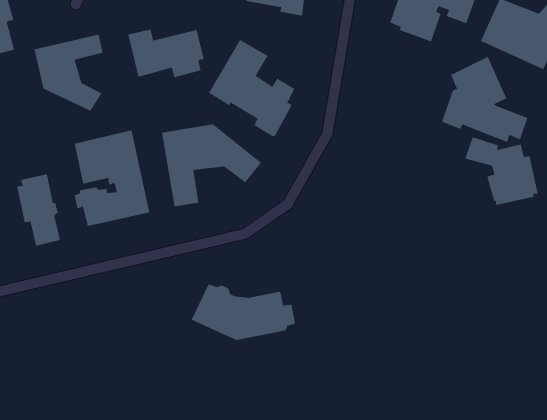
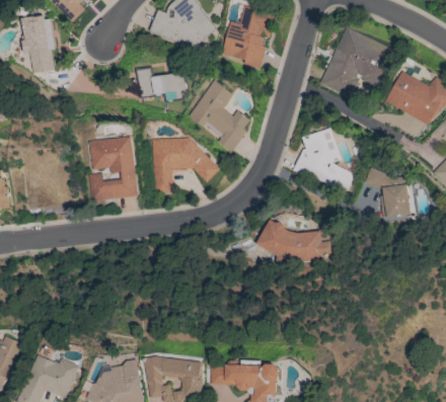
building: [34,34,103,111] -> none
building: [441,56,528,143] -> [292,128,354,190]
building: [17,174,60,247] -> none
building: [191,283,296,340] -> [254,220,328,262]

